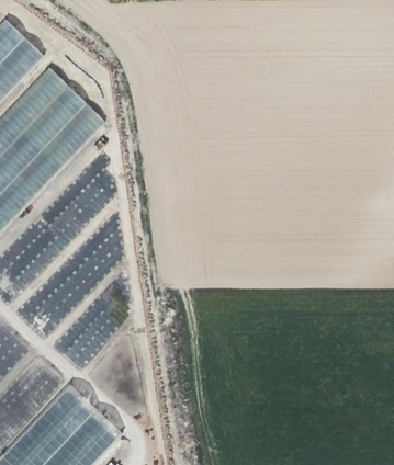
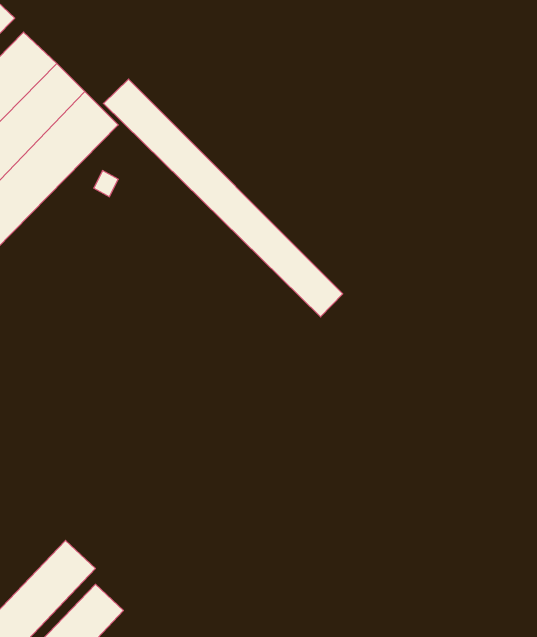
building: none -> [103,79,343,317]

